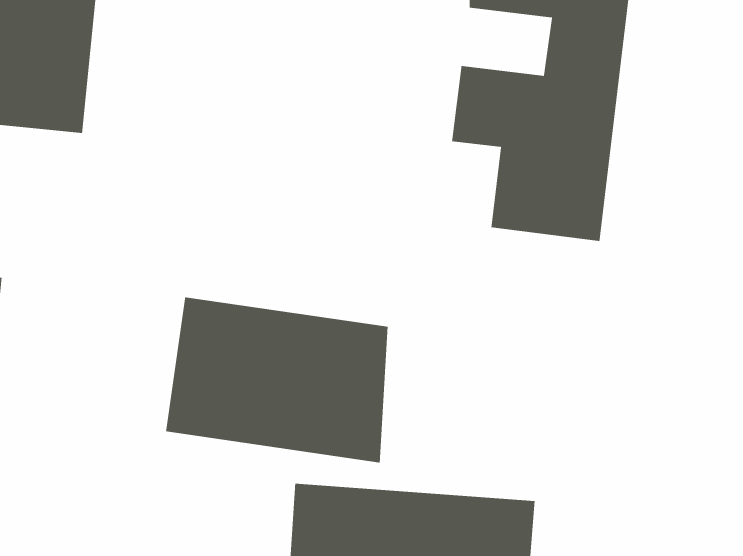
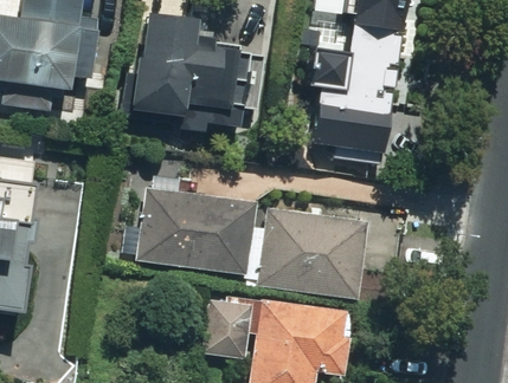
building: none -> [139,14,247,117]
building: none -> [259,203,368,300]

